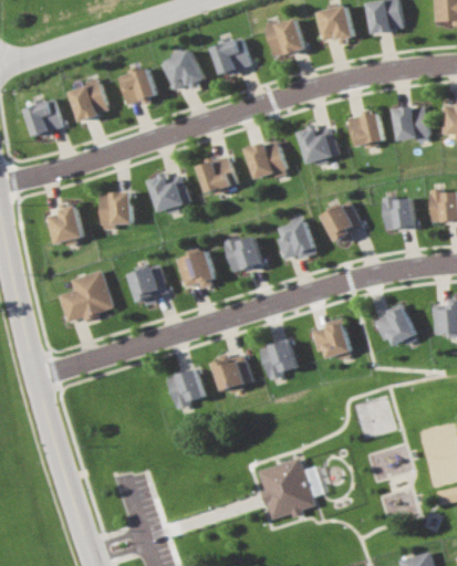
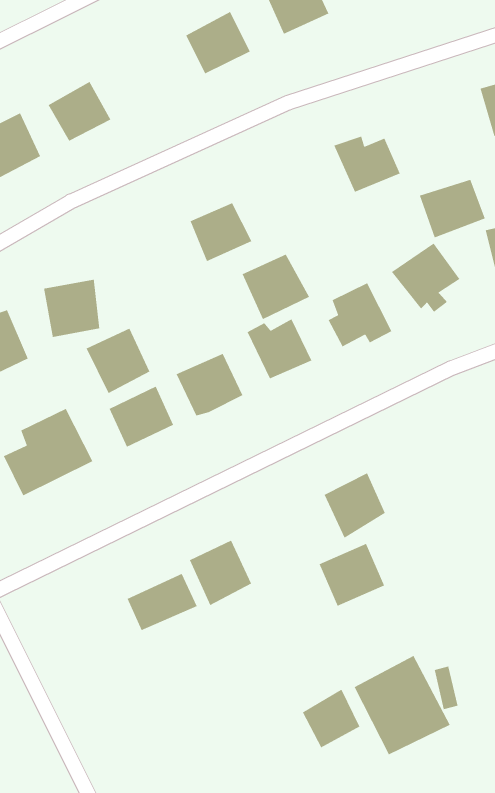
building: [164,49,207,88] -> none
building: [344,113,384,147] -> [419,179,486,239]
building: [243,140,284,180] -> [242,253,310,320]
building: [150,172,189,212] -> [86,328,151,394]
building: [311,319,349,358] -> none
building: [210,354,250,391] -> [319,543,385,607]
building: none -> [127,573,198,631]
building: none -> [302,688,361,748]

